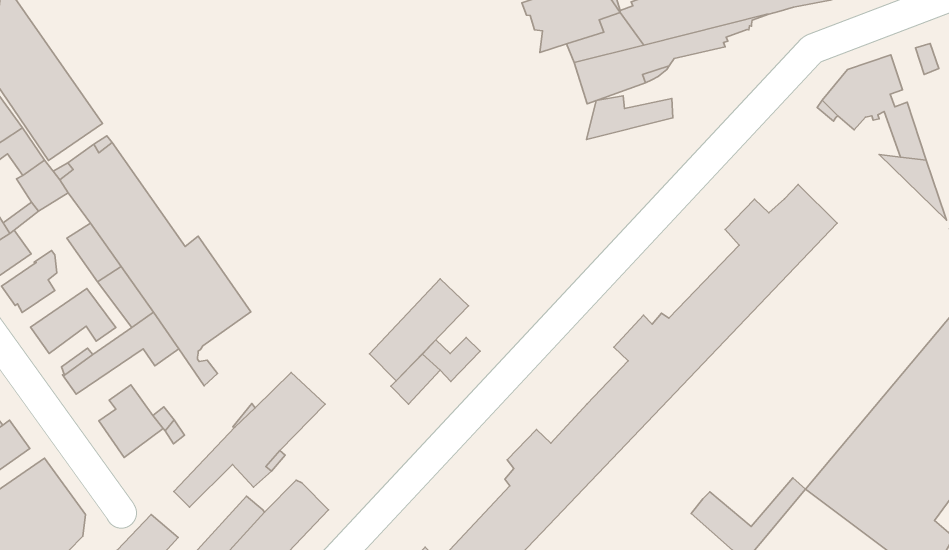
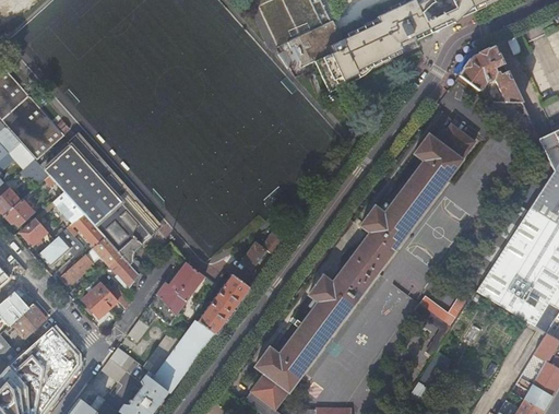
building: [587,96,673,140] -> none
building: [370,279,469,381] -> [198,274,249,333]
building: none -> [109,255,139,286]

